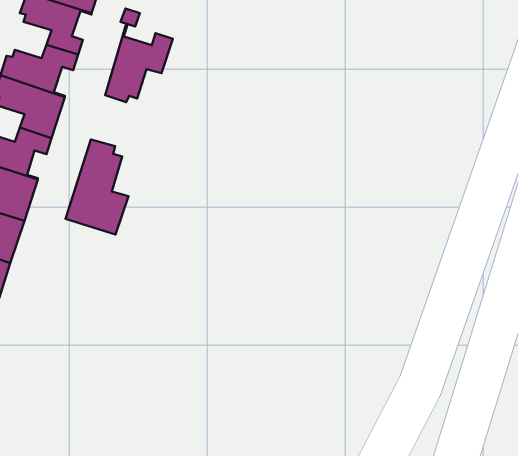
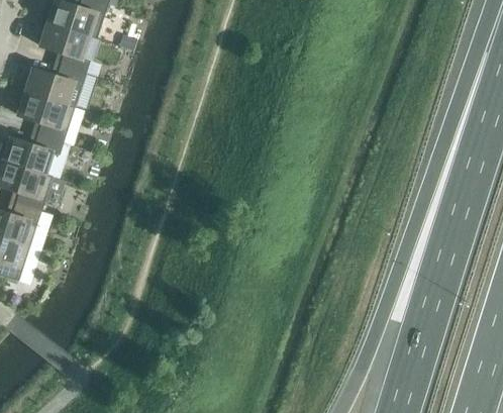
building: [105,24,173,102] -> none
building: [65,140,128,235] -> none

